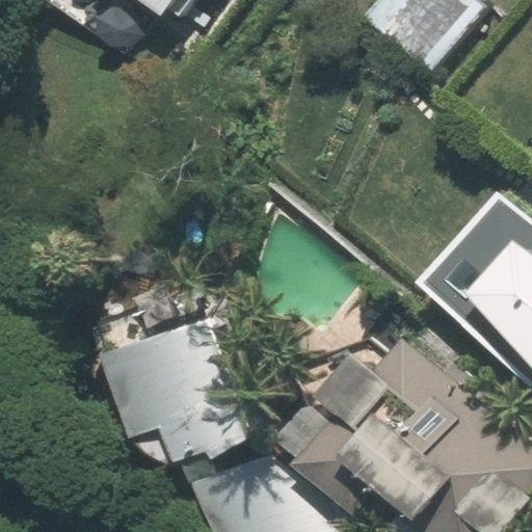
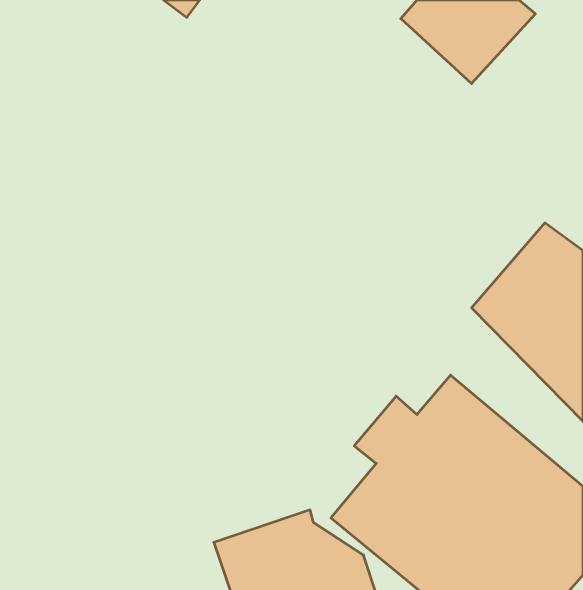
building: [90,289,250,471] -> none

